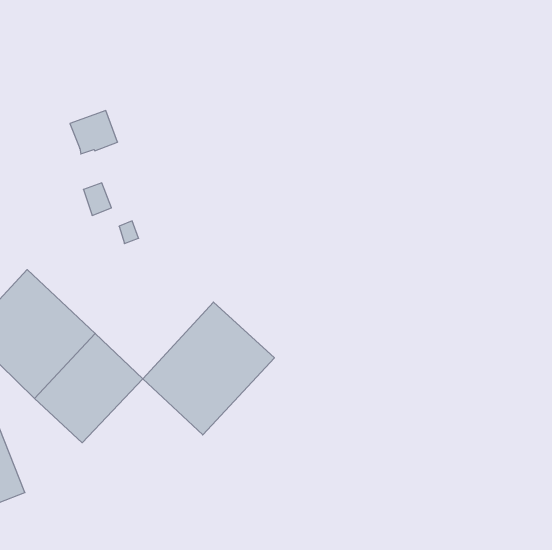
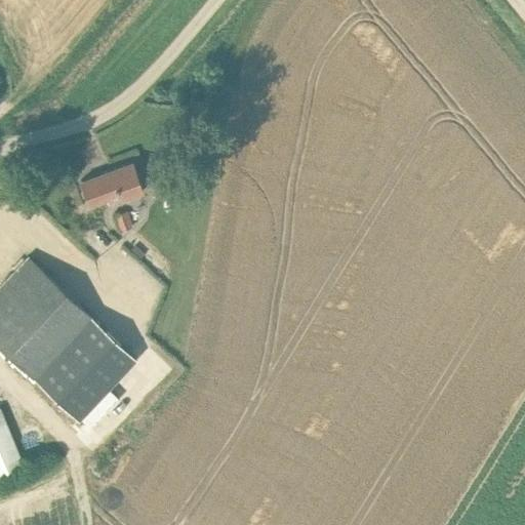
building: [70,111,118,154] -> [96,164,142,205]
building: [143,302,274,435] -> none

